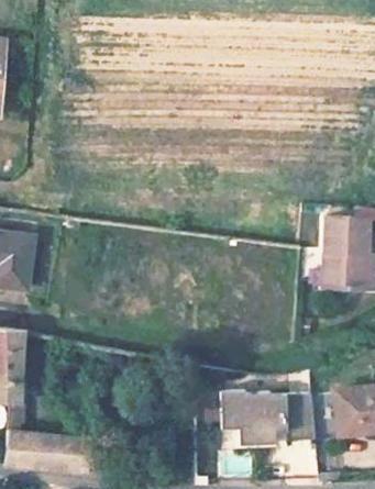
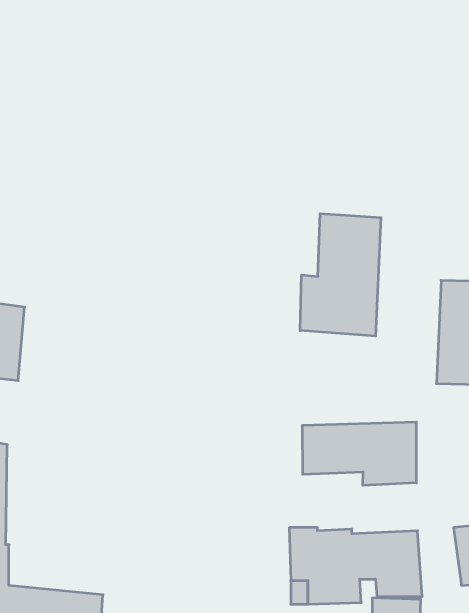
building: none -> [300,214,381,336]
building: none -> [302,422,416,485]

